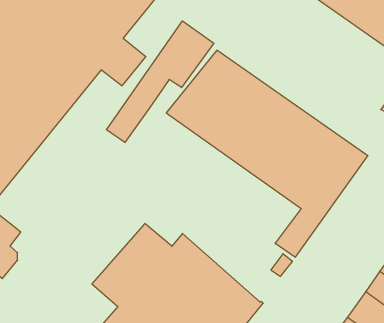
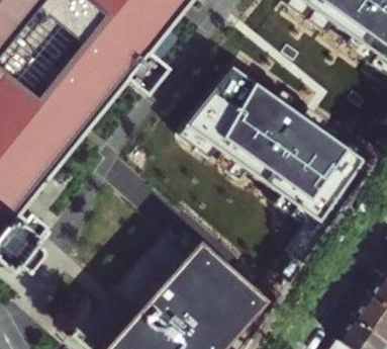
building: [106,21,214,143] -> none

